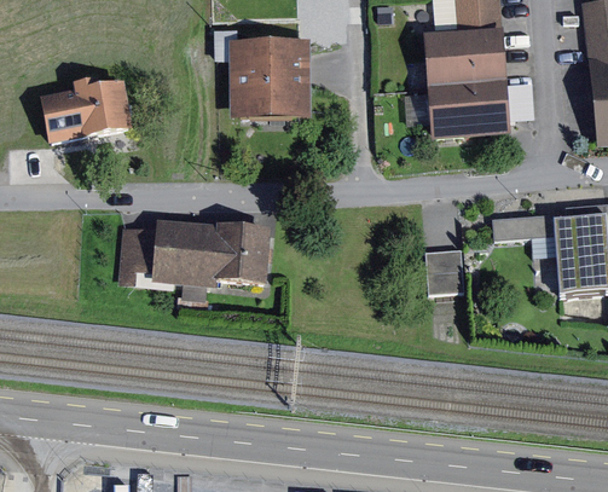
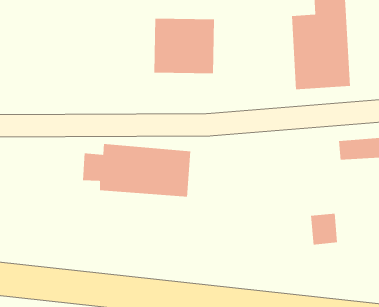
building: [46,82,128,139] -> none
building: [424,245,464,291] -> [310,213,338,245]

